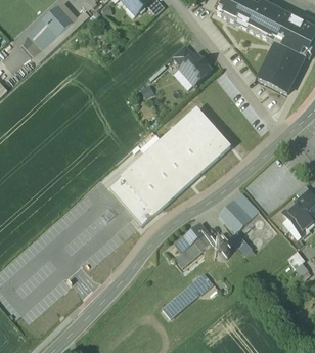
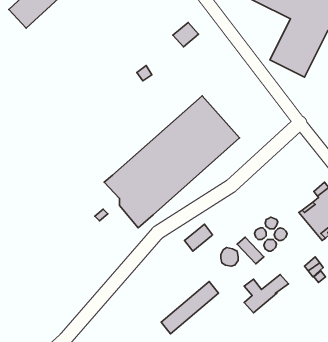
building: [179,52,211,84] -> none
building: [218,191,258,230] -> none
building: [174,231,213,265] -> [244,274,288,313]

